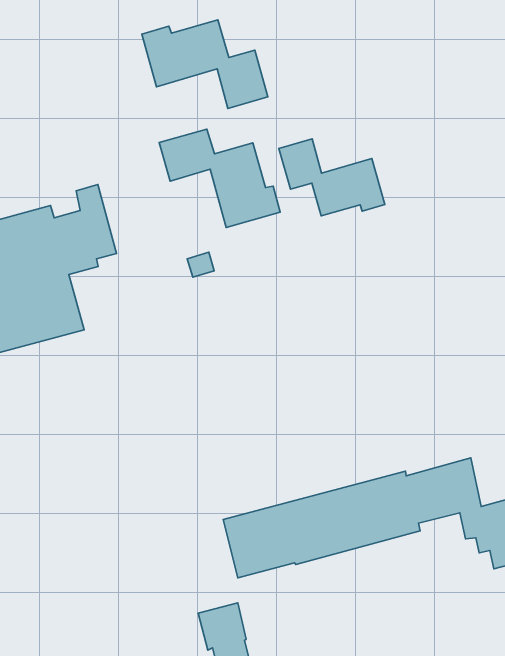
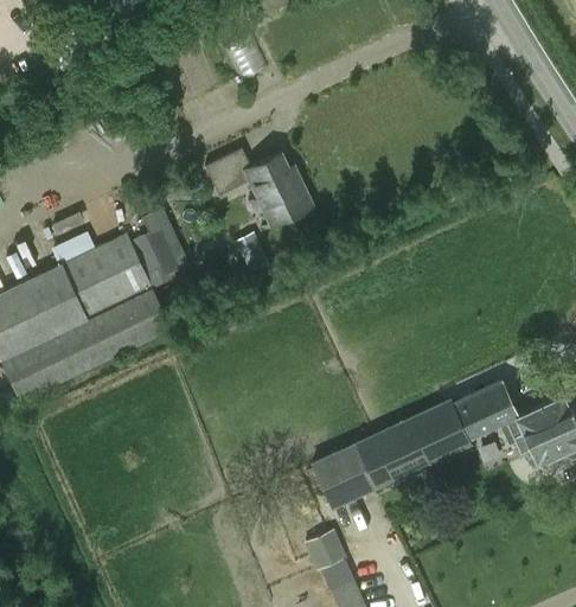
building: [142,20,268,108] -> none
building: [279,139,385,216] -> none

